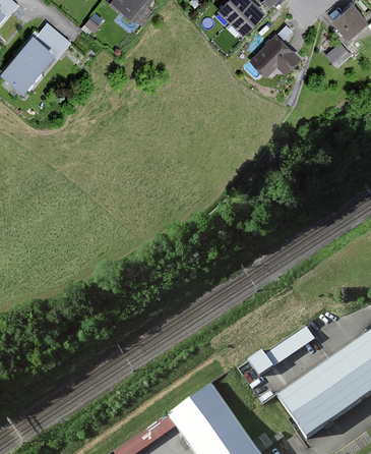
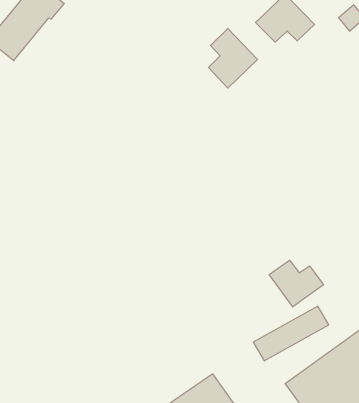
building: none -> [209,28,258,88]
building: none -> [269,260,323,307]

